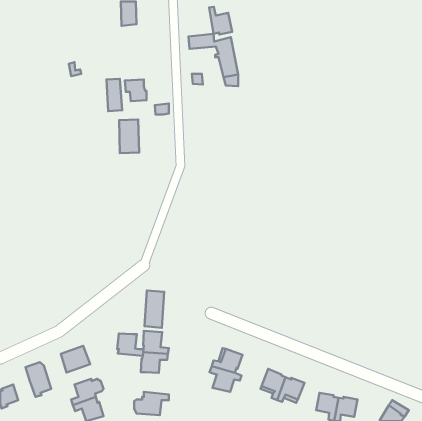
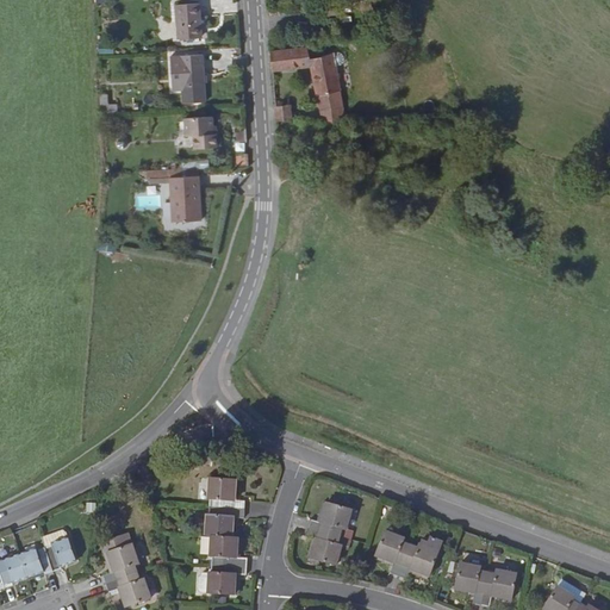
building: [209,7,232,34] -> none
building: [107,79,122,111] -> [181,52,204,99]
building: [144,290,164,328] -> none
building: [117,333,144,356] -> [207,535,245,567]
building: [61,346,90,373] -> none
building: none -> [20,547,52,575]

